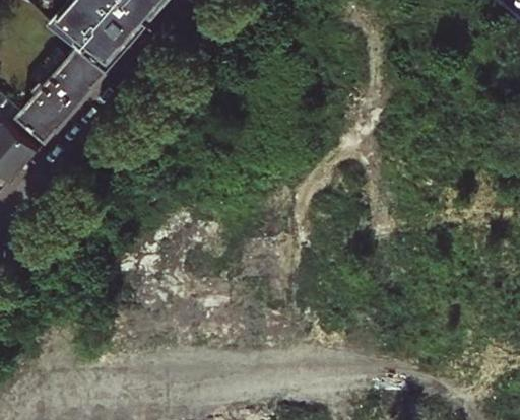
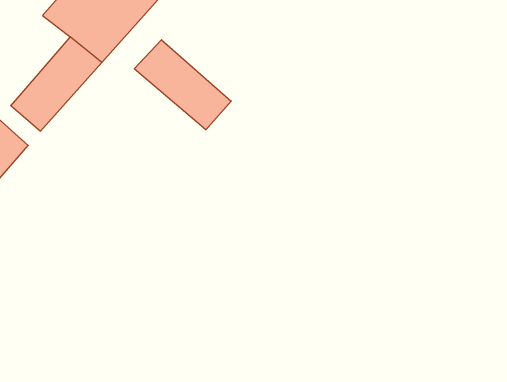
building: none -> [134,40,231,130]

